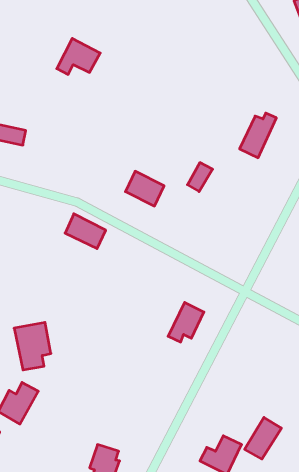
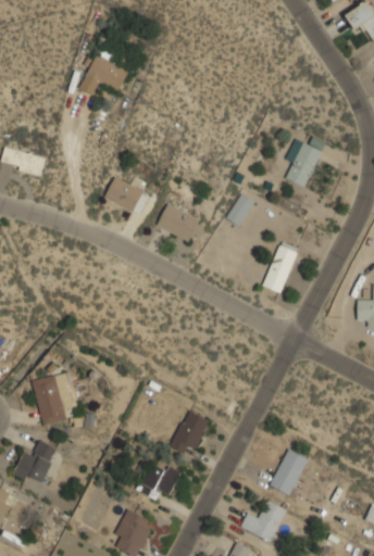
building: none -> [262,242,300,293]
building: [65,214,106,249] -> [104,176,150,215]
building: [168,302,204,342] -> [170,409,210,454]
building: none -> [137,458,182,501]
building: [245,417,281,459] -> [269,448,310,495]

